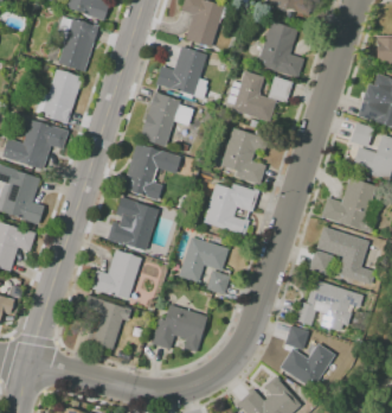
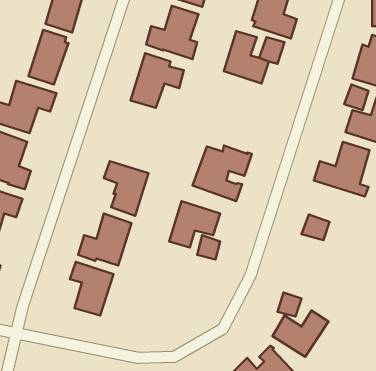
building: [220,127,268,184] -> none
building: [122,141,181,198] -> none
building: [316,225,374,284] -> none
building: [290,279,362,331] -> none
building: [150,304,207,351] -> none

